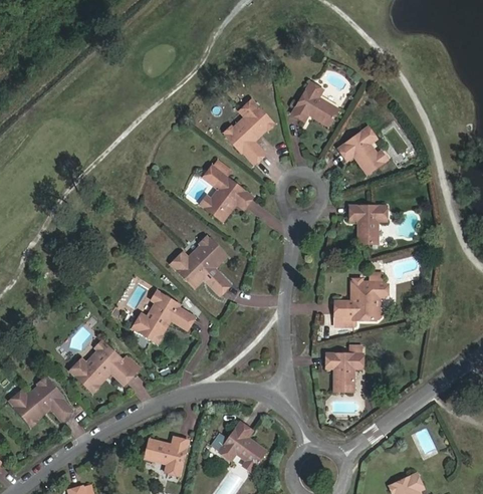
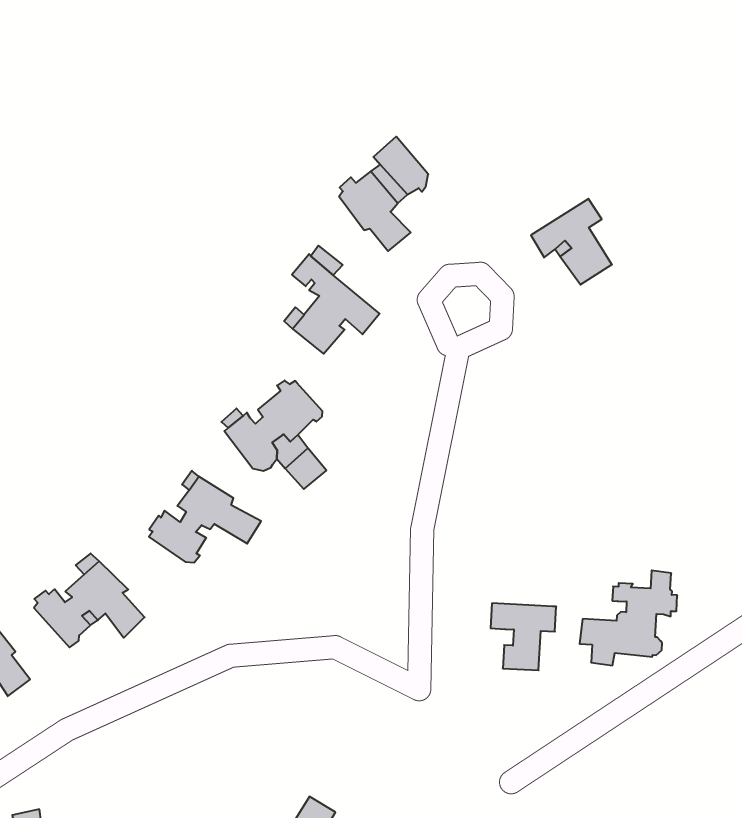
building: [292,80,340,126] -> none
building: [348,204,387,243] -> none
building: [336,275,390,329] -> [580,570,677,665]
building: [216,421,265,467] -> none
building: [141,435,185,476] -> none

